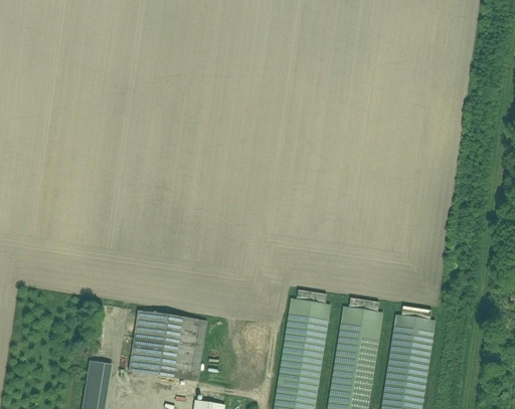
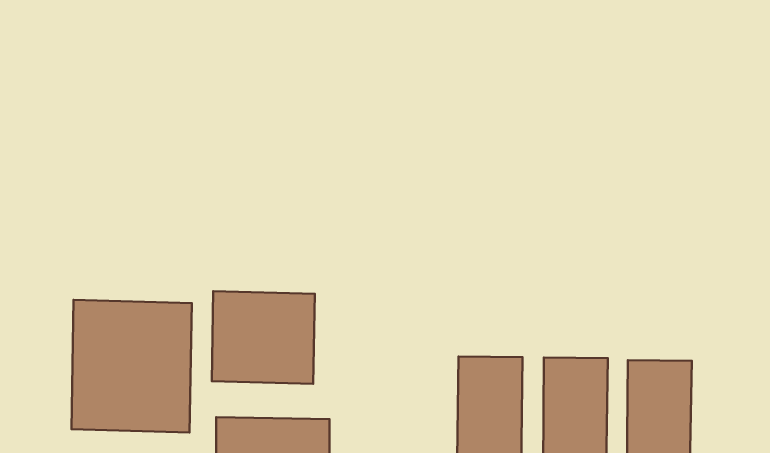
building: none -> [71,300,192,432]
building: none -> [212,291,315,384]

